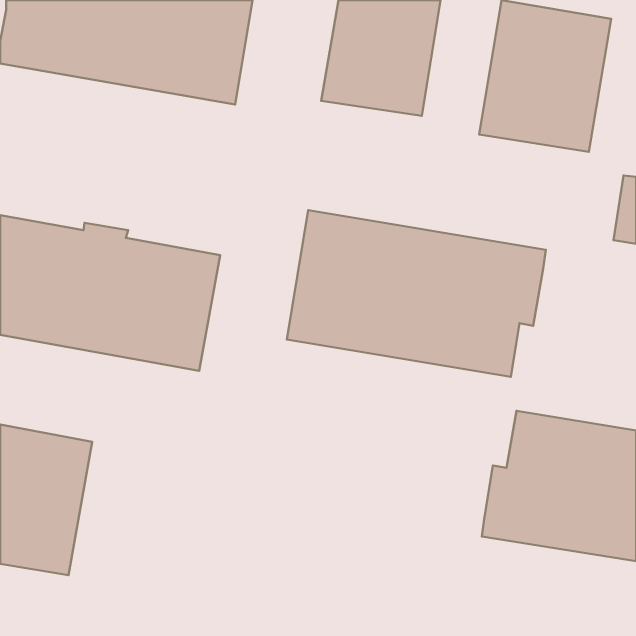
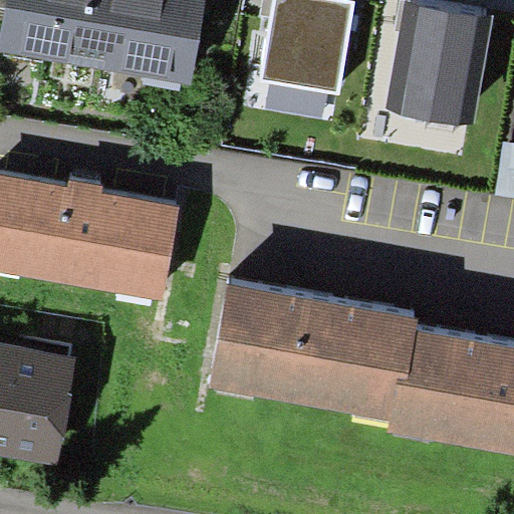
building: [287,210,546,377] -> [210,284,419,419]

